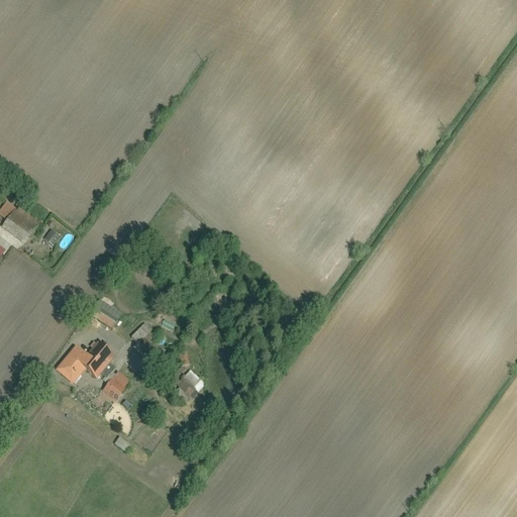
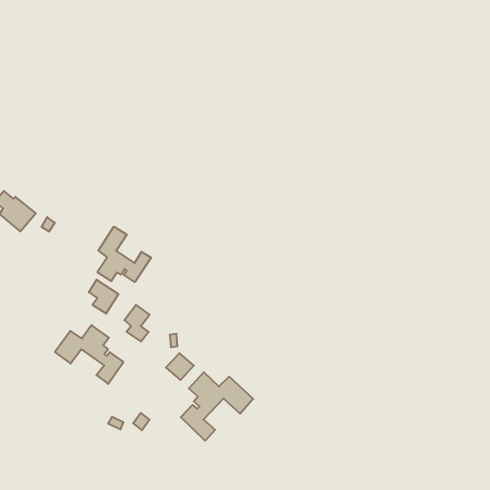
building: none -> [97,227,151,282]
building: none -> [181,372,253,441]

